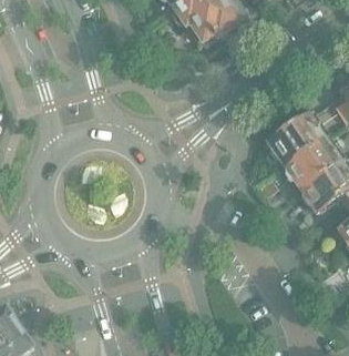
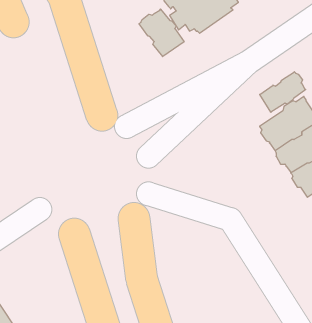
building: none -> [139,9,184,57]
building: none -> [260,72,306,112]

